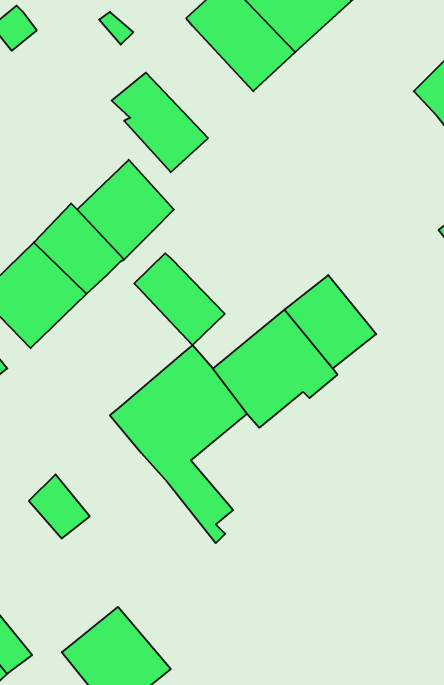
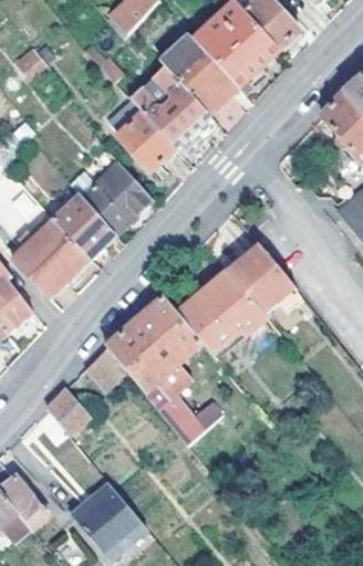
building: none -> [129,67,217,147]
building: [134,253,225,345] -> none
building: none -> [85,344,127,389]

